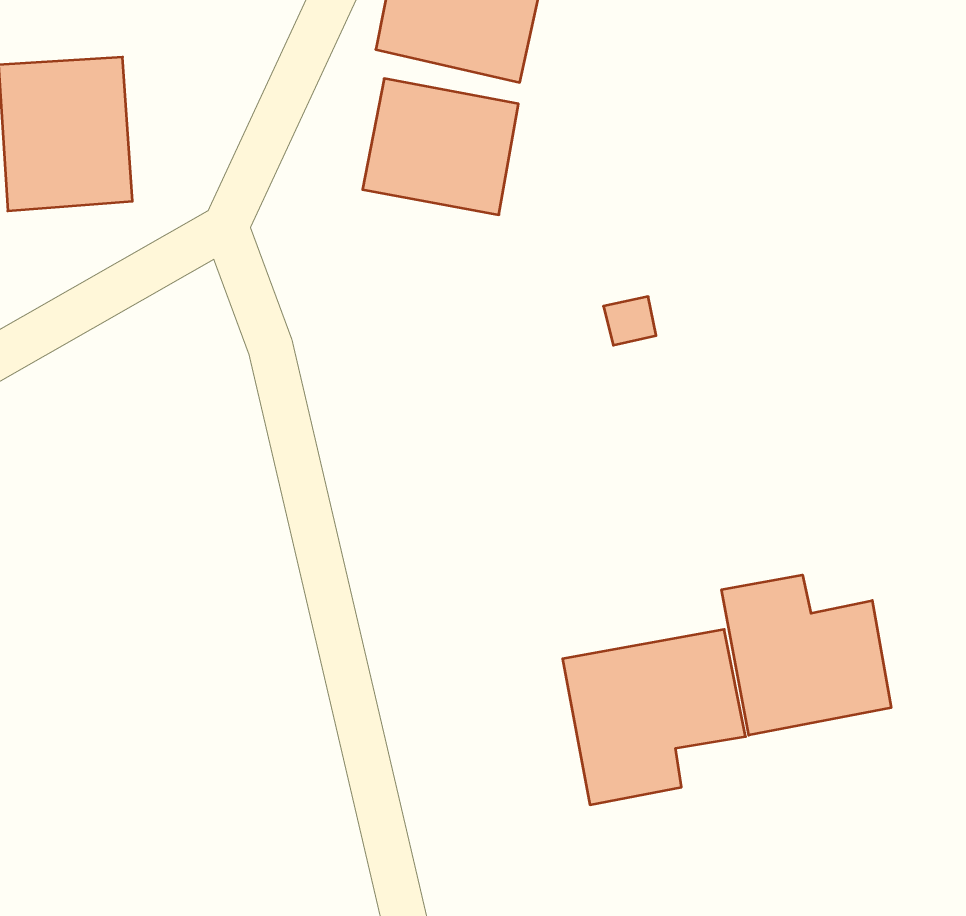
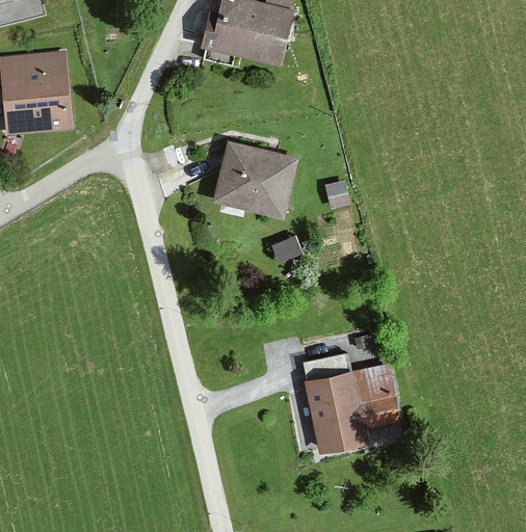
building: [363,79,518,215] -> [210,140,293,213]
building: [722,575,891,735] -> none

